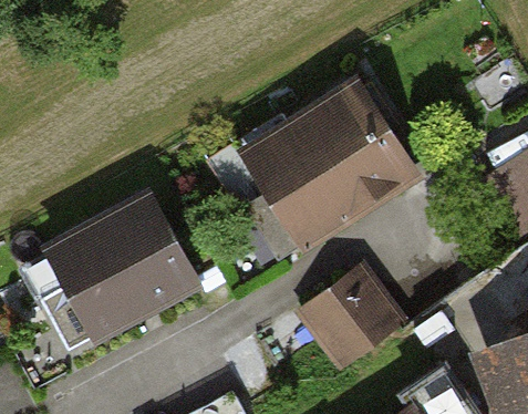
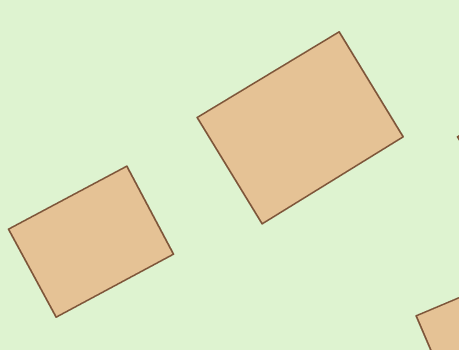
building: [302,261,411,370] -> none

